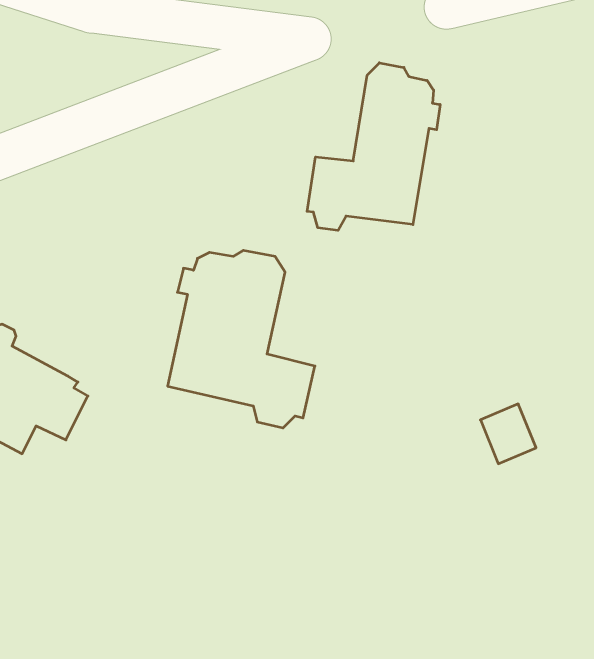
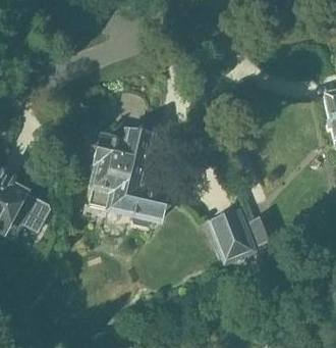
building: [307,63,440,230] -> none
building: none -> [212,213,255,257]

